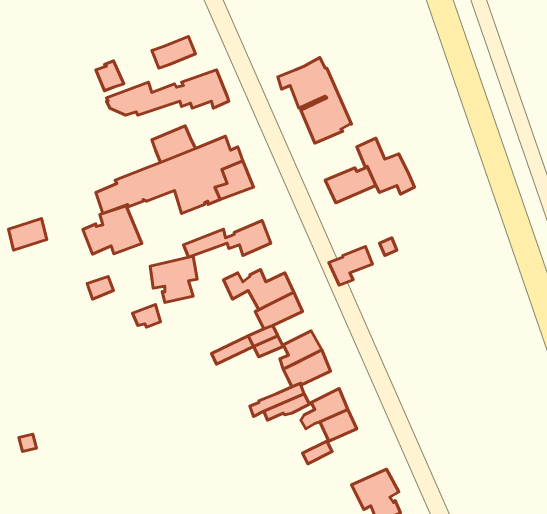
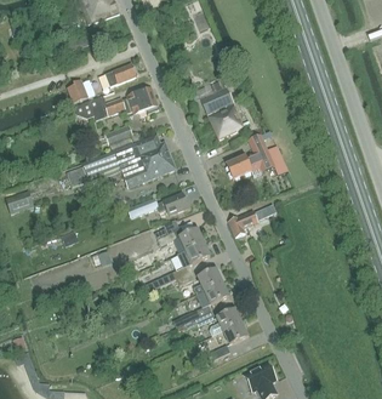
building: [83,206,142,254] -> none
building: [150,256,197,303] -> none

